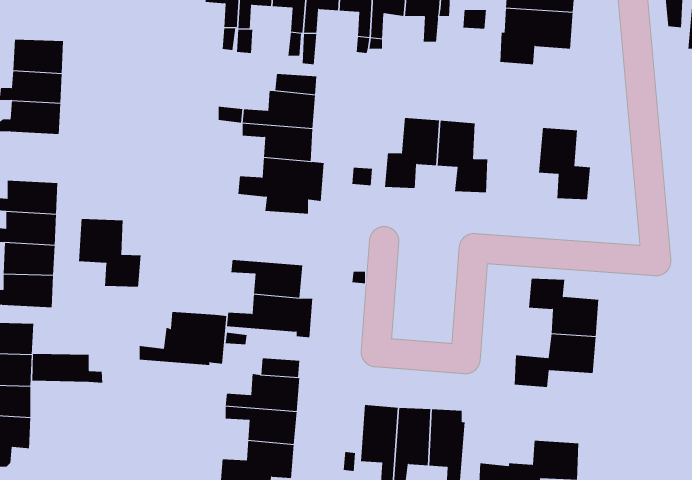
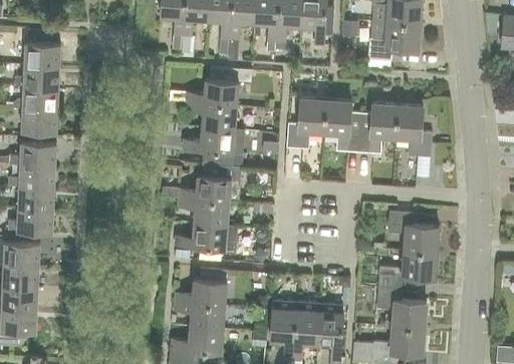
building: none -> [358,102,398,152]
building: none -> [21,107,57,131]
building: [78,218,141,287] -> none
building: [139,311,227,366] -> [179,163,241,202]
building: [32,353,103,383] -> none
building: none -> [376,286,426,327]

